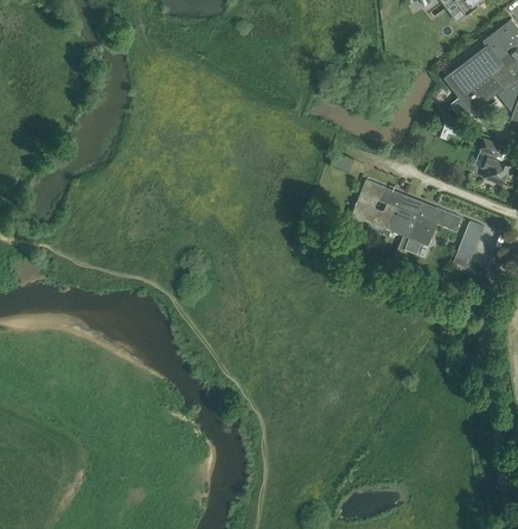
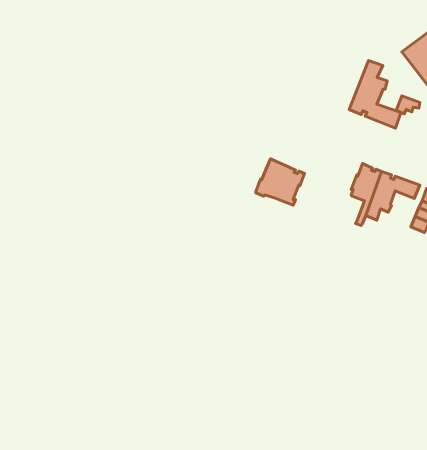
building: none -> [349,60,401,128]
building: [350,179,401,228] -> [256,159,304,205]

